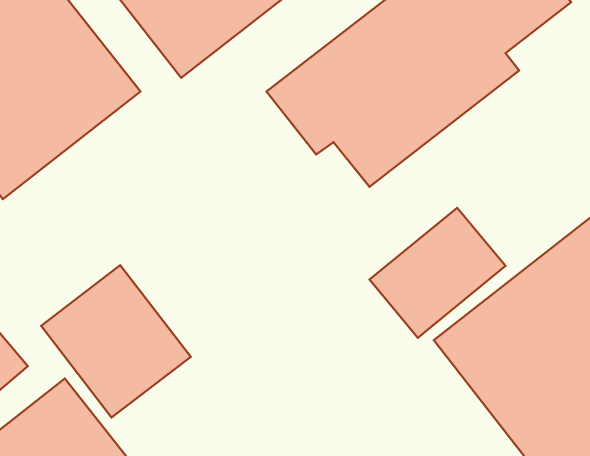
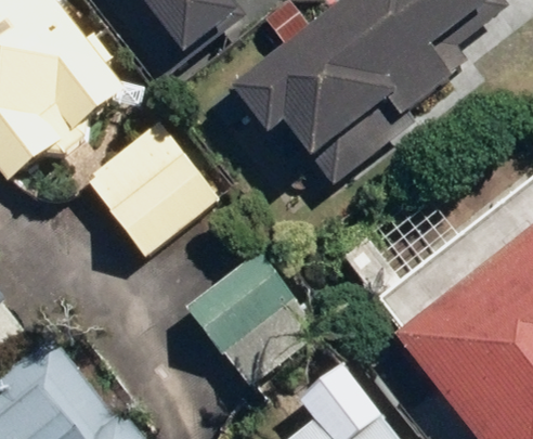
building: [41,265,191,417] -> [83,126,214,259]
building: none -> [183,248,325,390]

